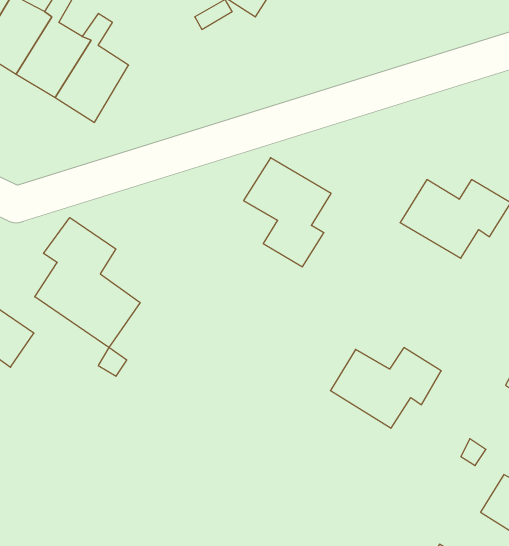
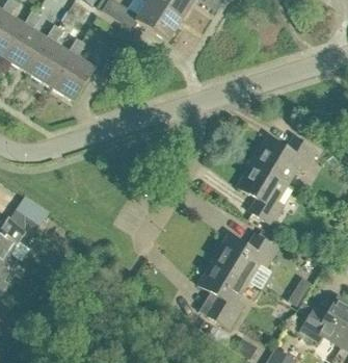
building: [244,158,331,267] -> [237,160,288,224]
building: [35,218,140,348] -> none
building: none -> [196,258,247,327]

